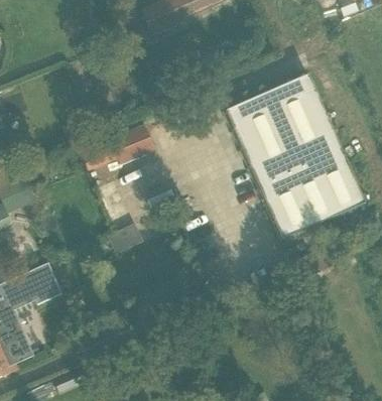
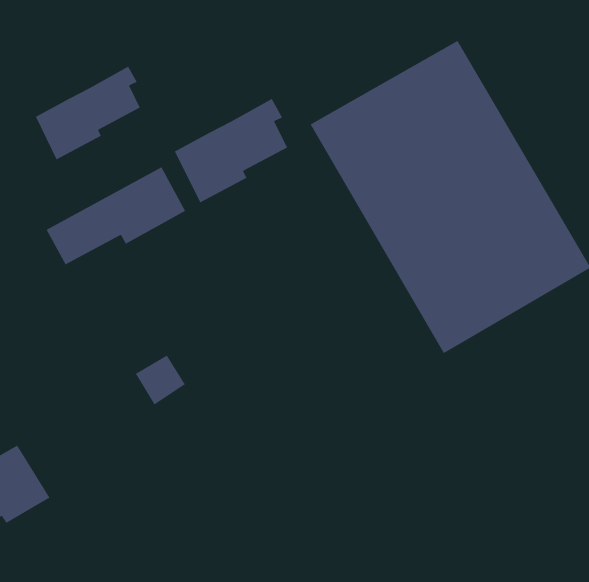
building: none -> [35,66,141,160]
building: none -> [174,98,288,204]

